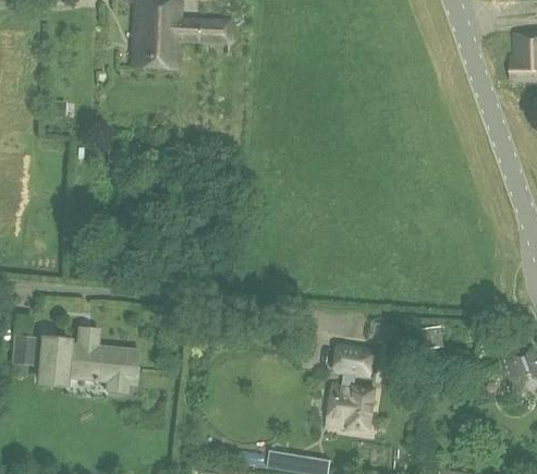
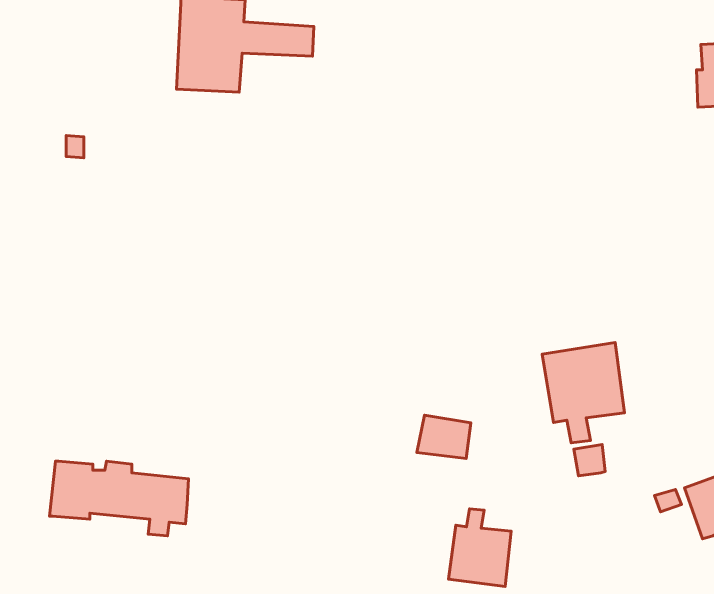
building: none -> [542,343,624,443]
building: [12,335,39,365] -> none
building: [333,344,373,376] -> [417,415,471,459]

